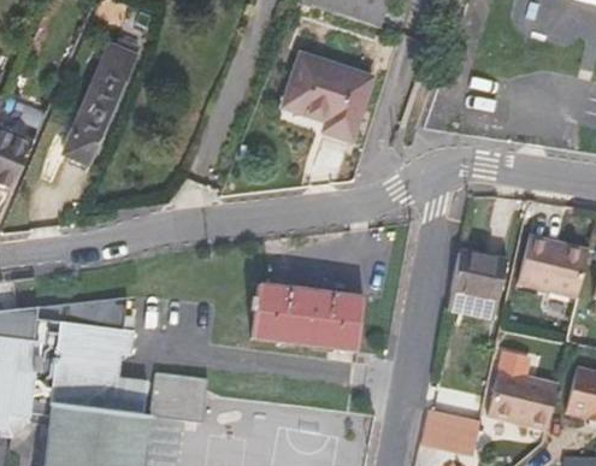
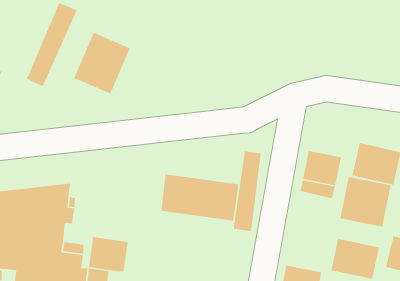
building: [283,54,371,136] -> none
building: none -> [73,32,131,94]
building: none -> [233,151,261,232]
building: none -> [339,176,392,227]

